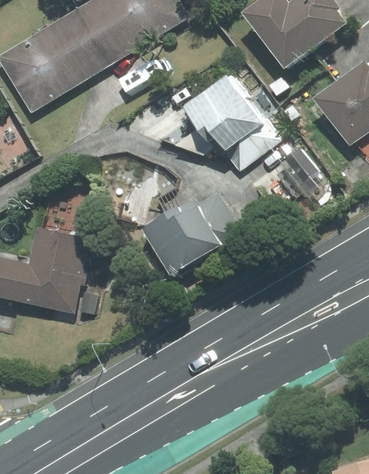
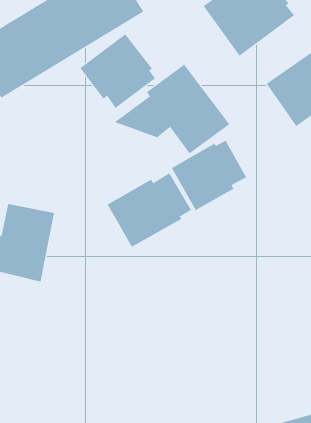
building: none -> [80,33,156,109]
building: none -> [171,140,247,211]

